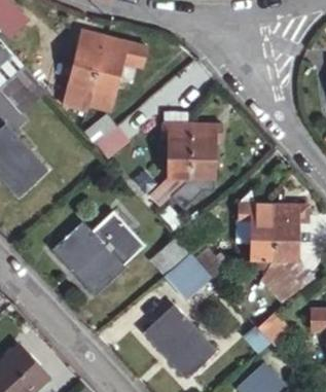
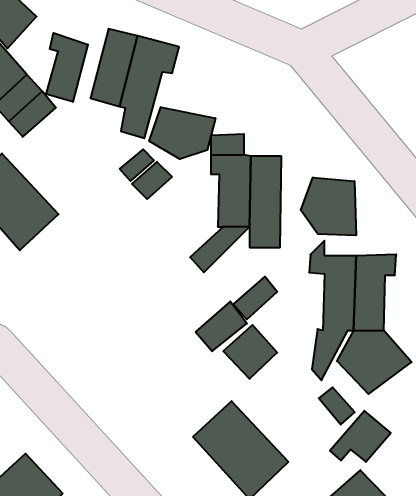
building: none -> [46,33,88,102]
building: none -> [149,107,215,159]
building: none -> [301,177,356,235]
building: [51,215,135,293] -> none

